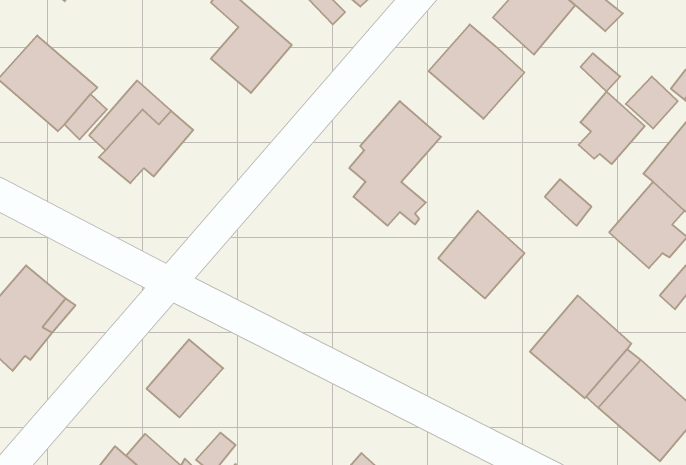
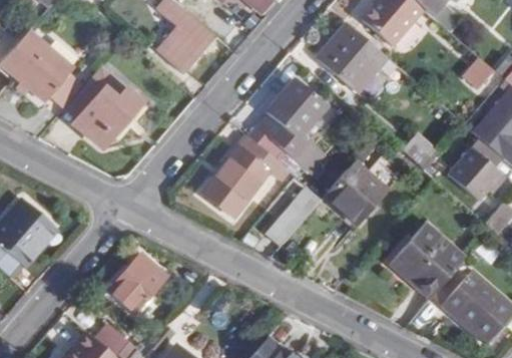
building: [579,92,645,164] -> none
building: none -> [198,136,286,216]
building: none -> [267,186,319,244]

